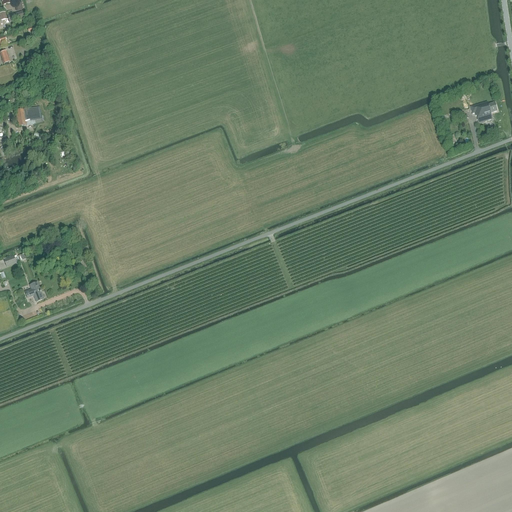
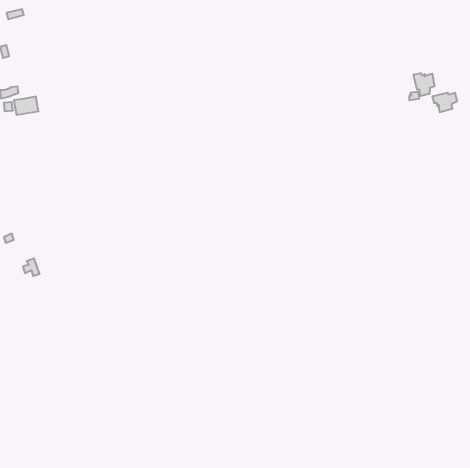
building: none -> [414,73,435,96]

